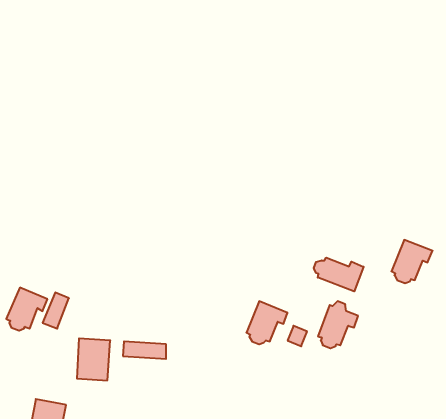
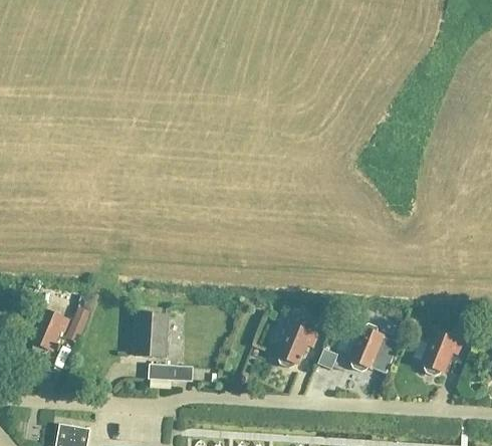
building: [391,240,433,283] -> [422,330,464,375]
building: [314,258,364,291] -> none
building: [77,338,110,380] -> [136,313,170,357]

